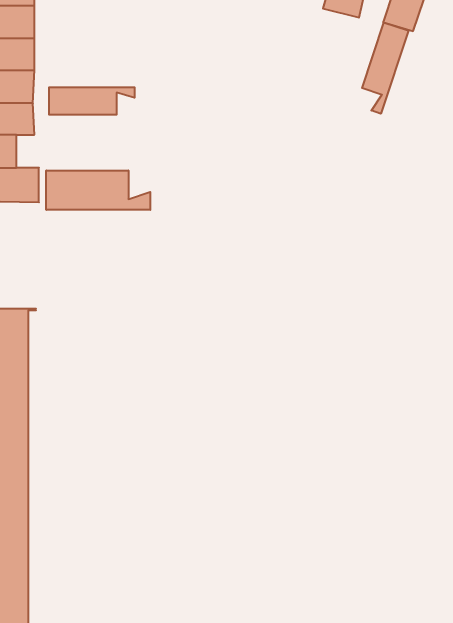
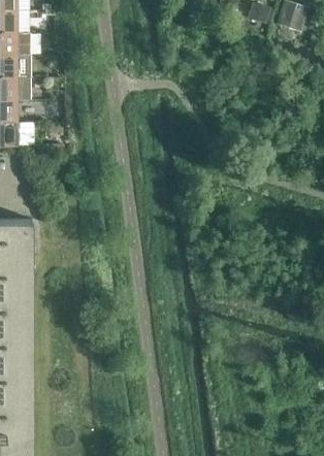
building: [362,22,409,114] -> none
building: [49,87,135,115] -> none
building: [46,170,150,210] -> none

